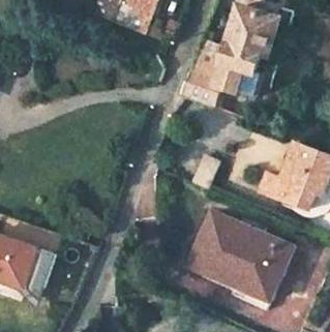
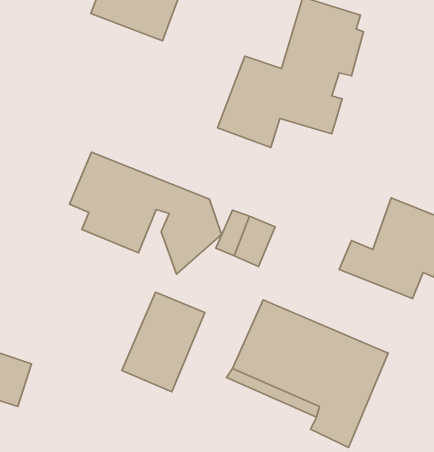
building: none -> [69,152,221,274]
building: none -> [122,292,205,392]

